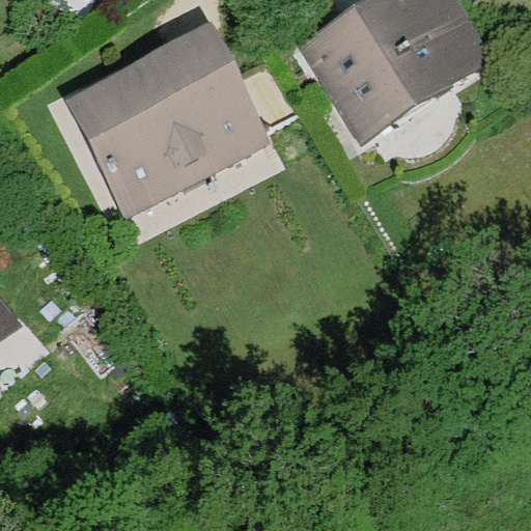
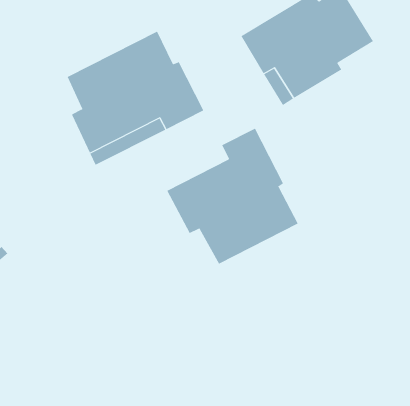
building: none -> [167,128,299,265]

